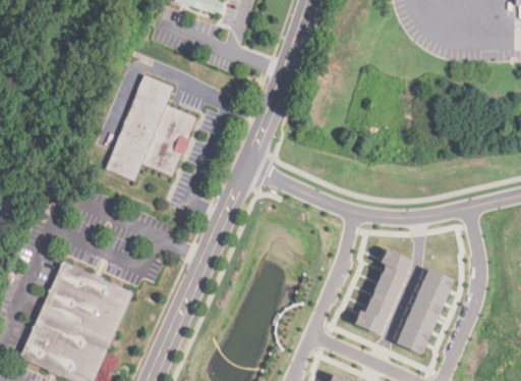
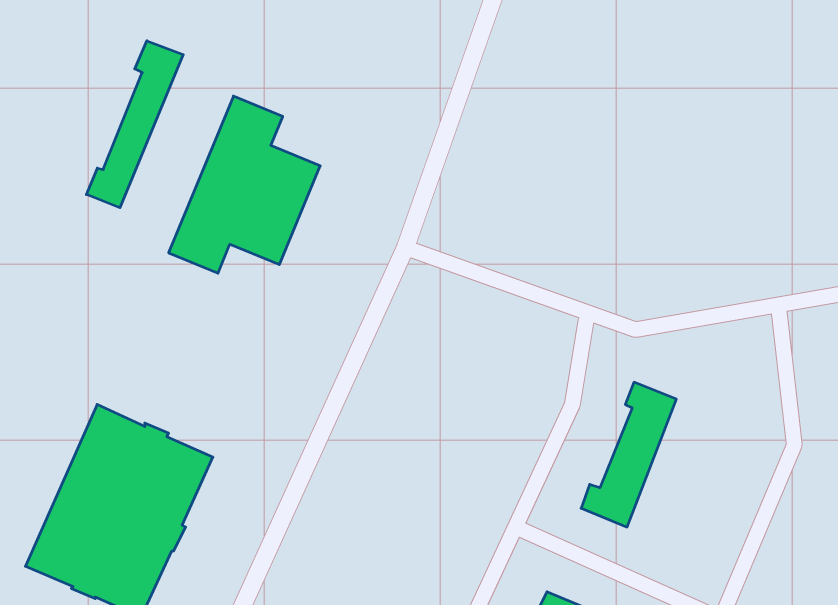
building: none -> [86,41,183,208]
building: [396,267,456,353] -> none

